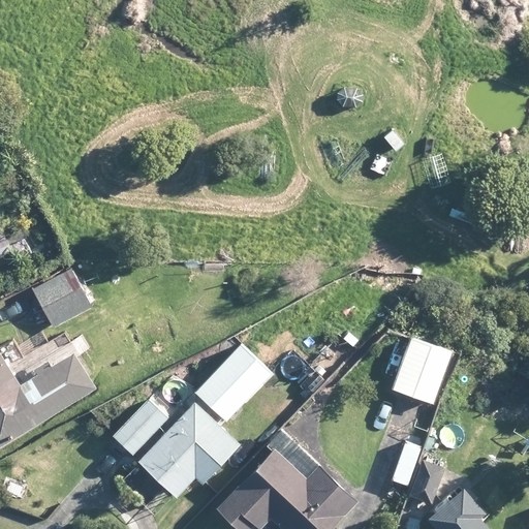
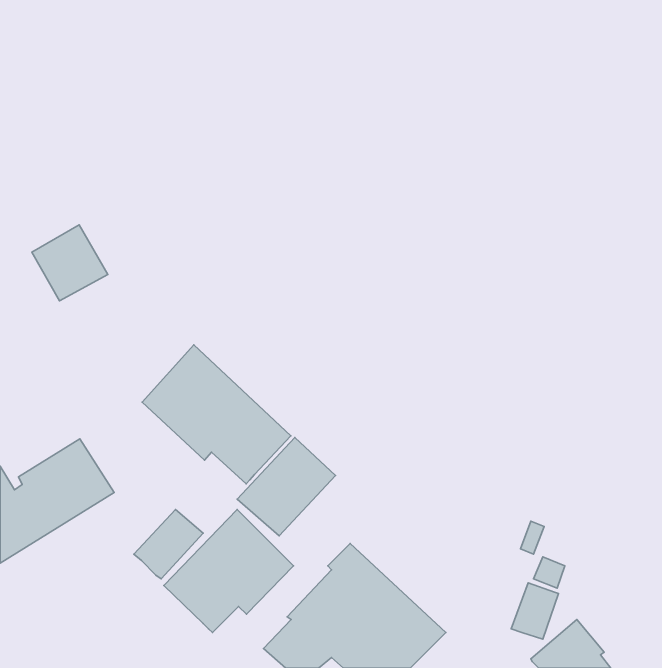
building: [33,268,93,328] -> [32,225,108,301]
building: none -> [142,345,291,484]
building: [393,341,448,402] -> none

